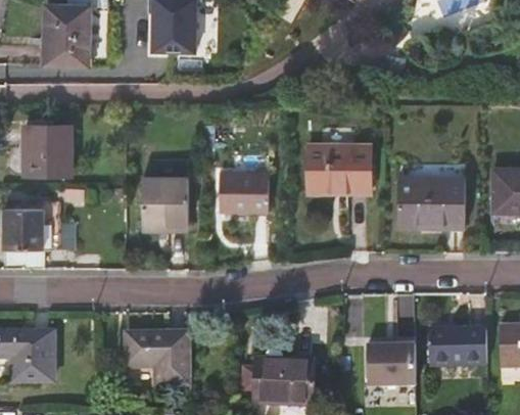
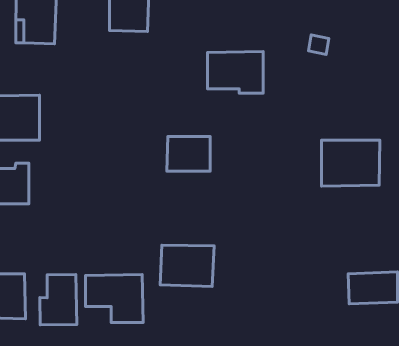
building: [306,144,371,192] -> [207,52,263,93]
building: [141,177,189,230] -> none
building: none -> [40,274,77,325]
building: [364,345,415,389] -> none
building: [252,358,315,406] -> [160,245,214,287]

